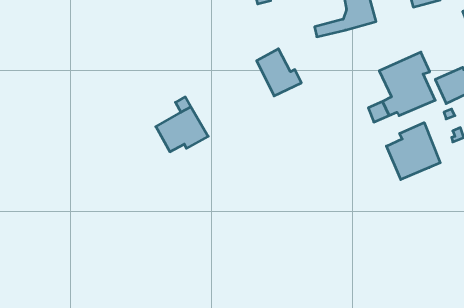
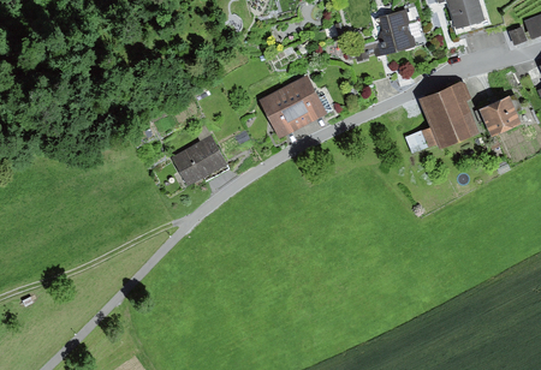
building: none -> [258,86,302,137]
building: [386,123,440,180] -> none

